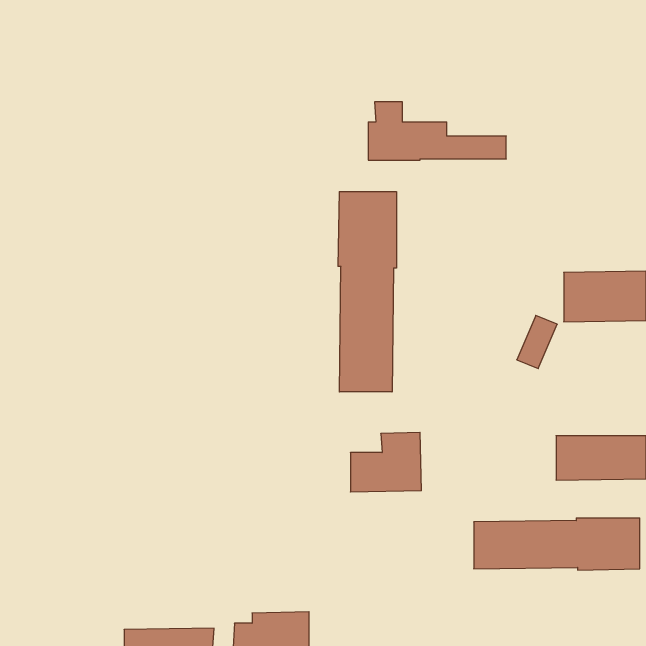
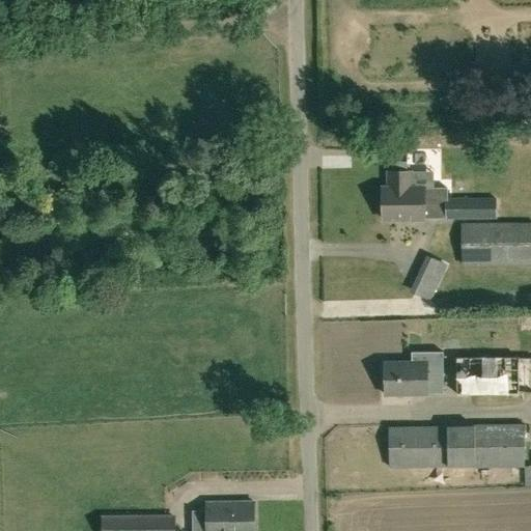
building: [368,102,506,160] -> [383,171,496,219]
building: [338,192,396,392] -> none
building: [350,432,421,492] -> [384,346,442,395]

